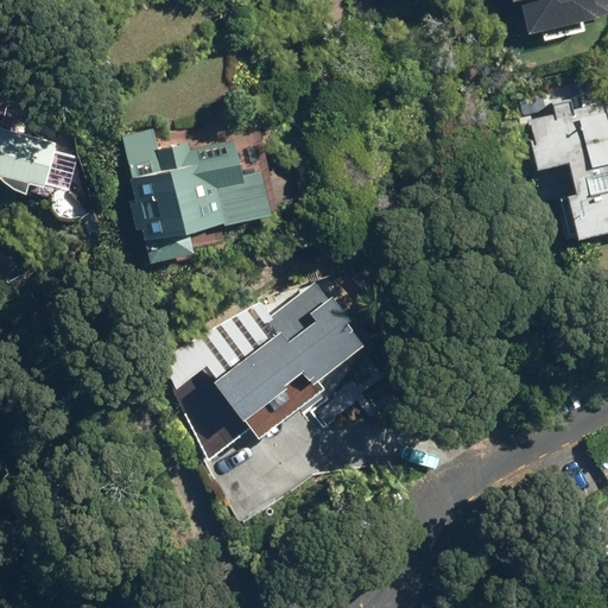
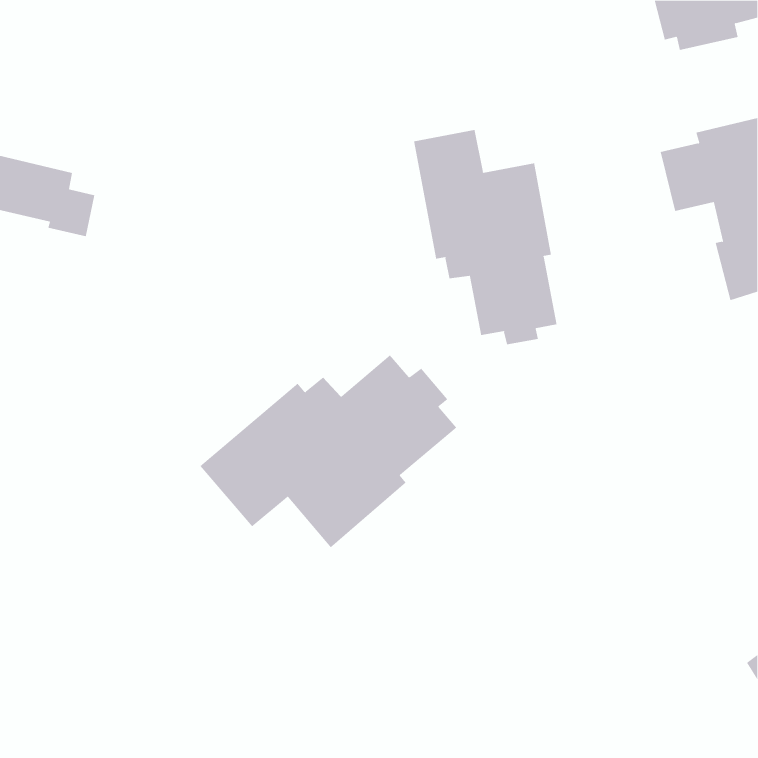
building: none -> [413,129,557,345]
building: [126,132,277,240] -> none

